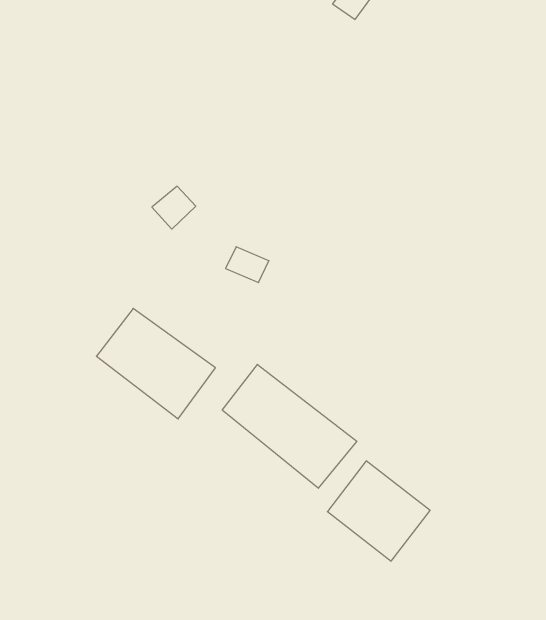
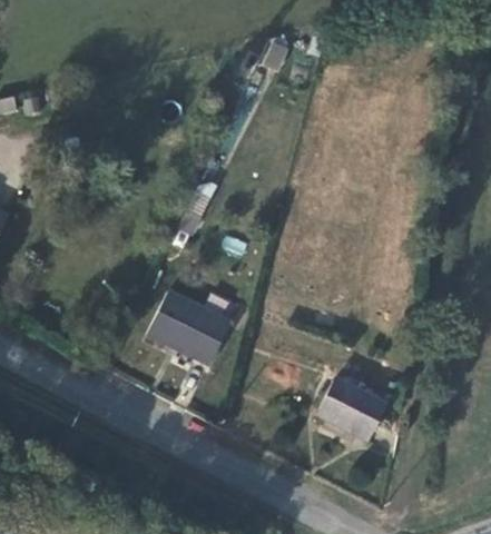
building: [222,364,357,488] -> none

